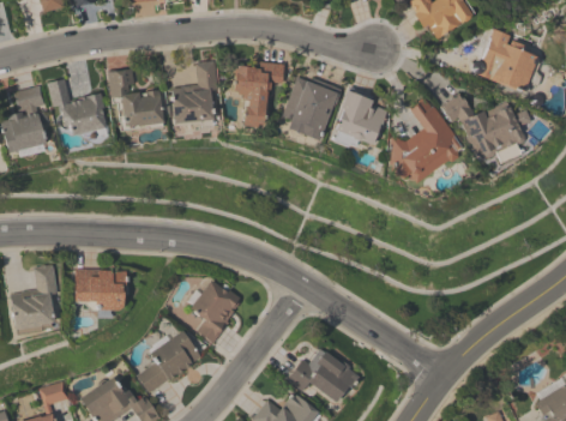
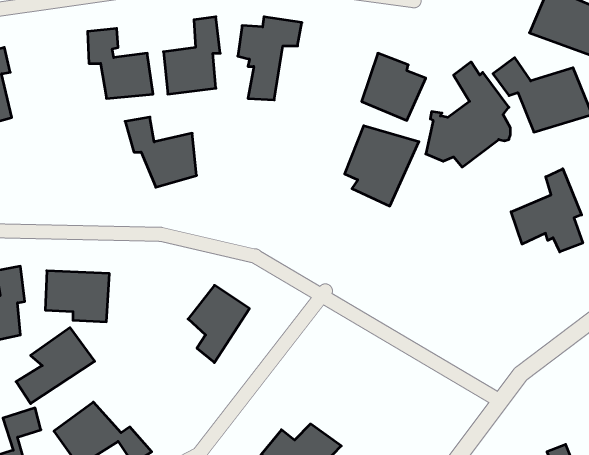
building: [281,76,342,142] -> [345,126,419,206]
building: [46,78,104,136] -> [125,117,197,187]
building: none -> [511,169,583,252]
building: [137,330,201,392] -> [16,328,95,404]
building: [287,347,355,403] -> none

